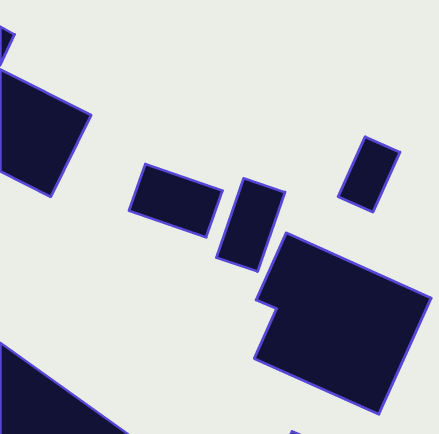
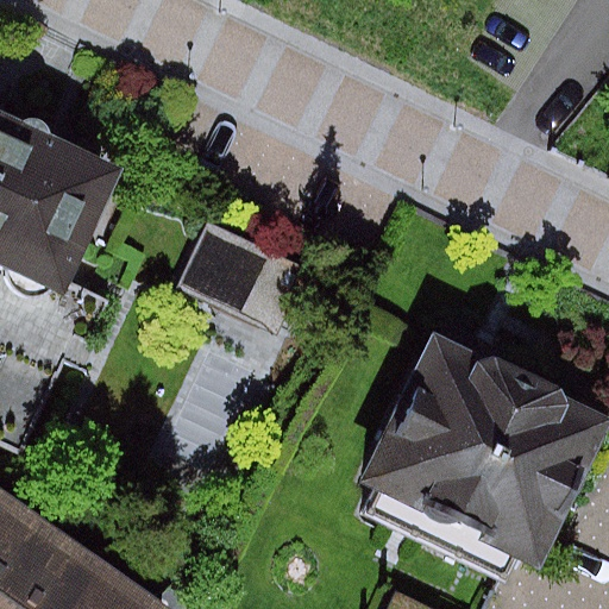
building: [338,137,400,212] -> none
building: [216,178,285,272] -> none

